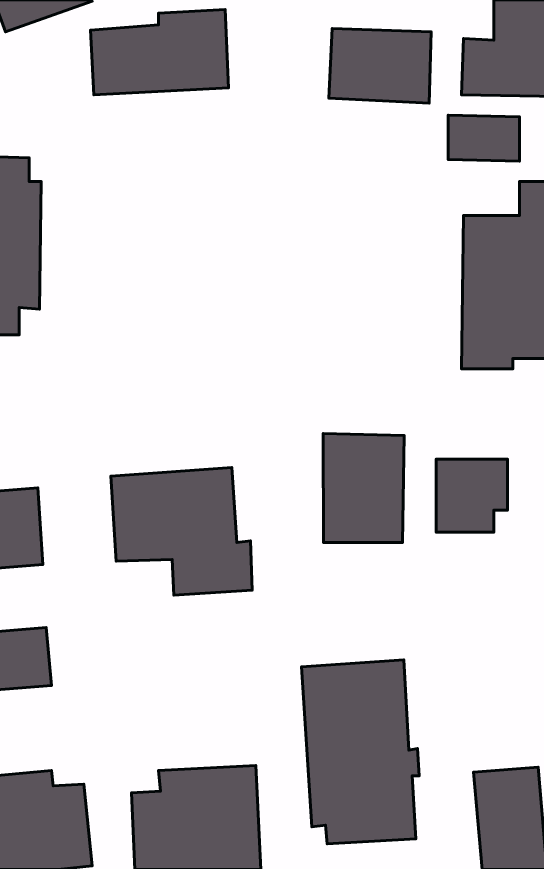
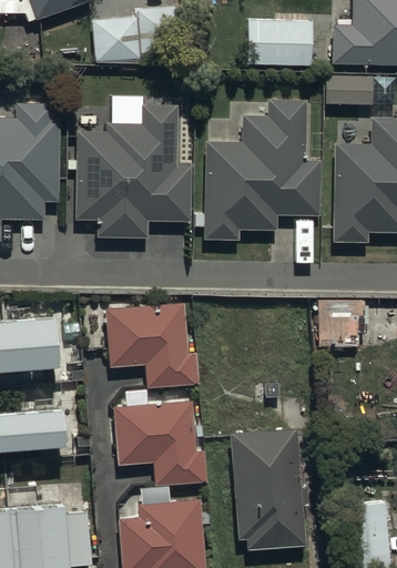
building: none -> [203,101,319,241]
building: none -> [74,105,191,239]
building: [323,434,404,543] -> none
building: none -> [114,403,208,486]

